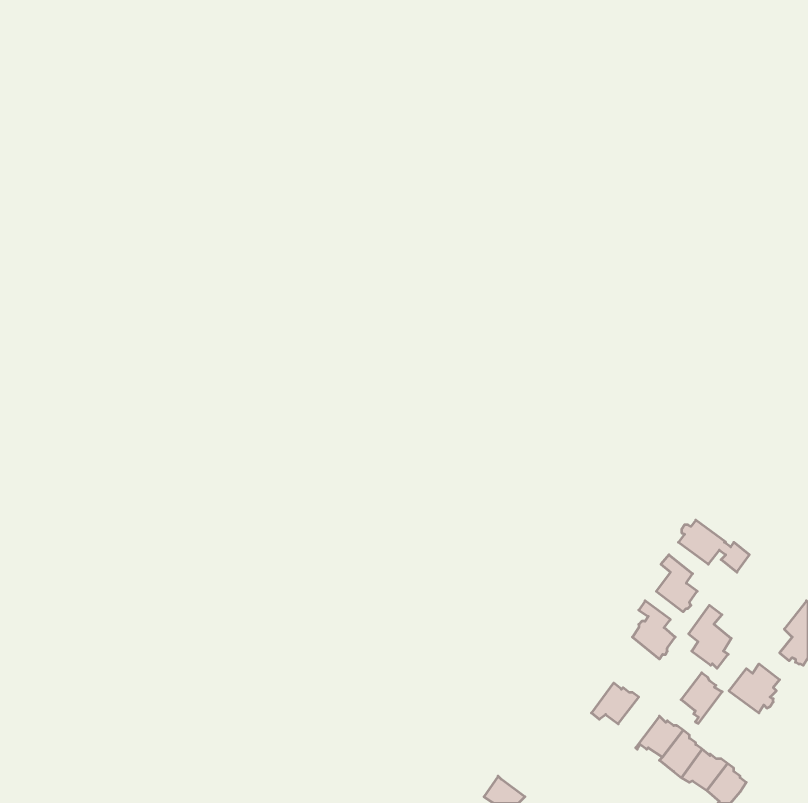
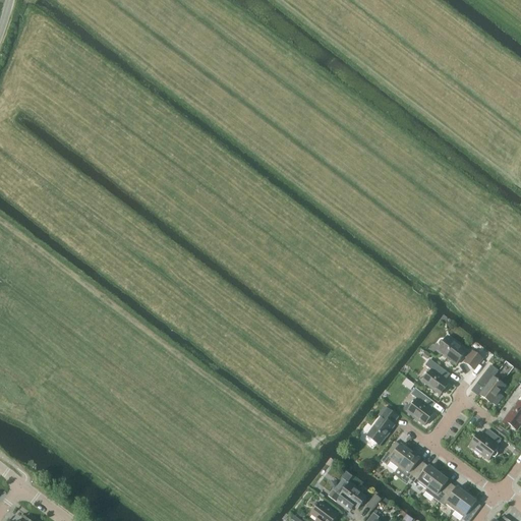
building: [689,605,731,668] -> [477,363,505,404]
building: none -> [366,405,398,444]
building: [681,673,722,723] -> [398,449,424,481]
building: none -> [328,481,366,511]

